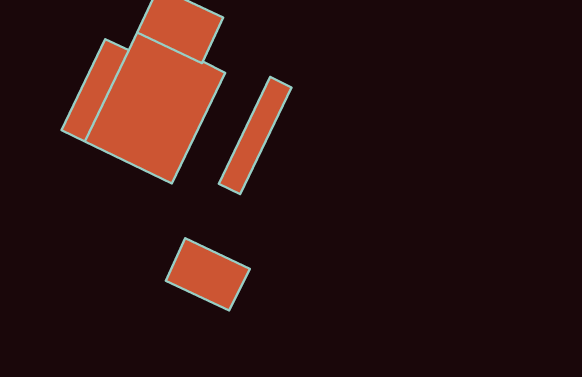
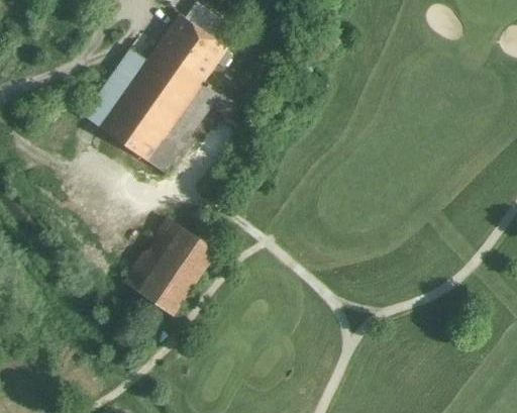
building: [219,77,292,194] -> none
building: none -> [123,248,192,313]

